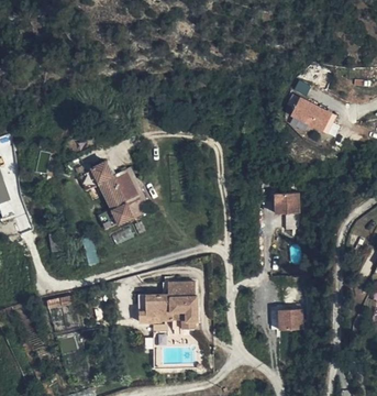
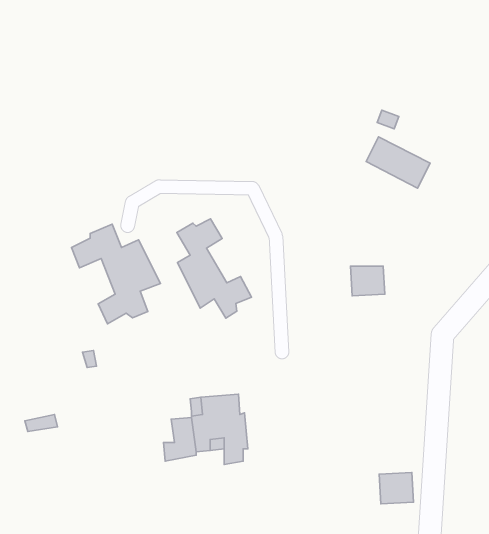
building: none -> [177,219,251,318]
building: [280,306,304,328] -> [379,473,414,504]

